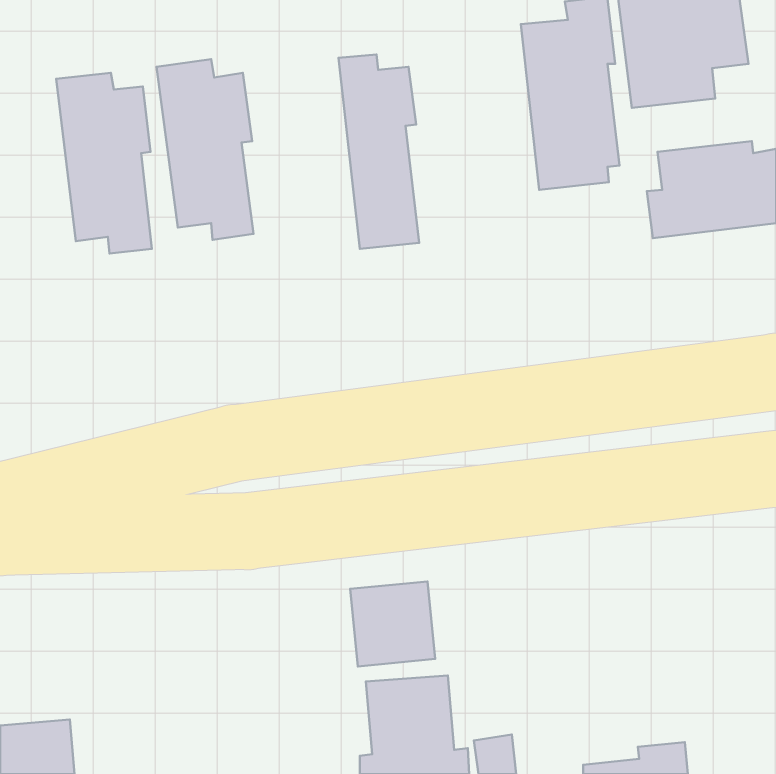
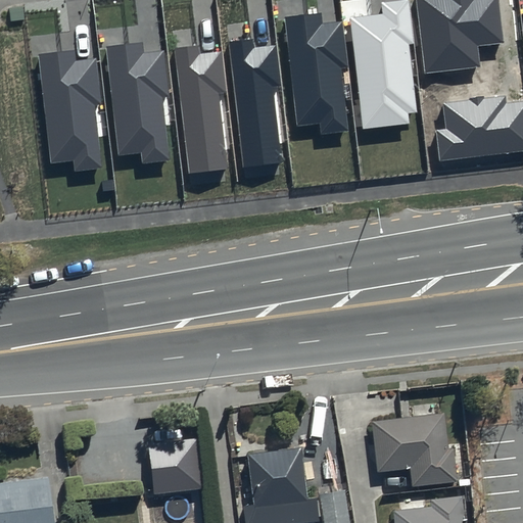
building: none -> [285,12,348,133]
building: none -> [175,43,228,174]
building: [350,581,435,666] -> [145,442,202,500]
building: none -> [370,418,457,490]

